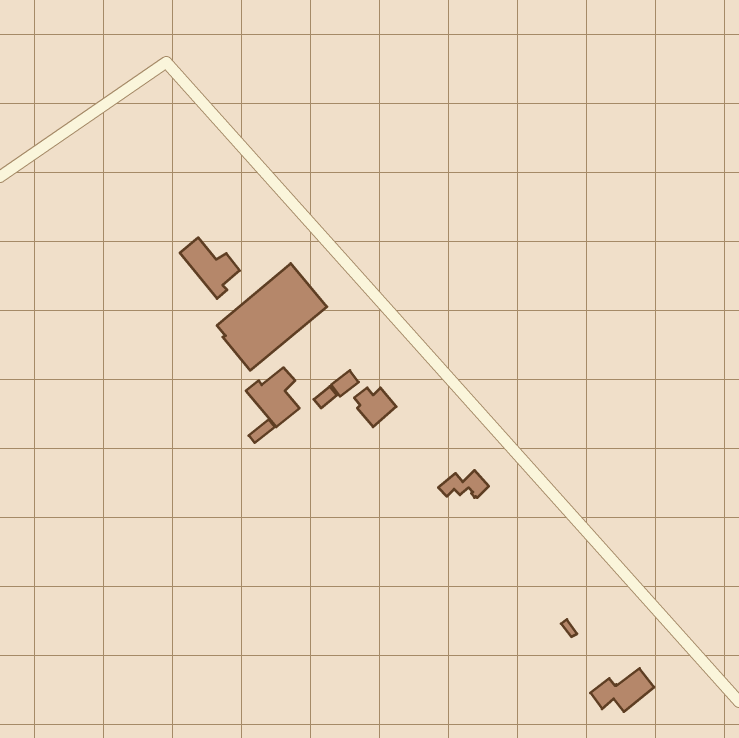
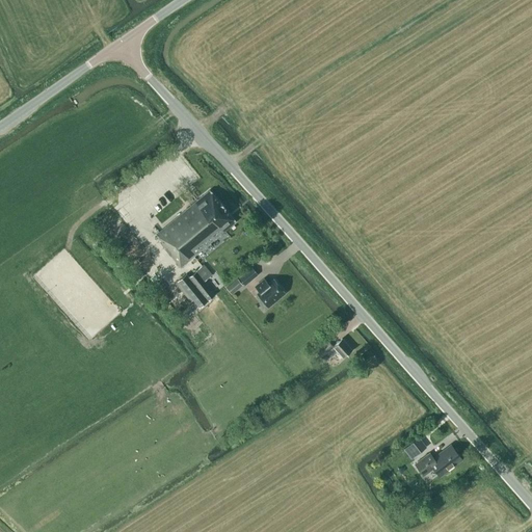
building: [180,238,240,299] -> none
building: [590,668,654,712] -> [416,446,461,477]

